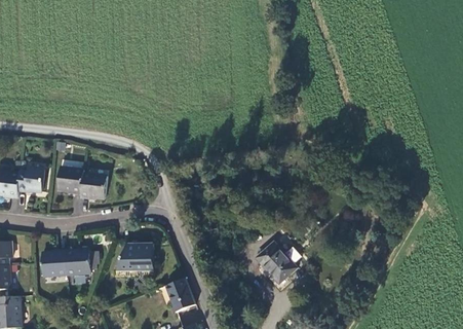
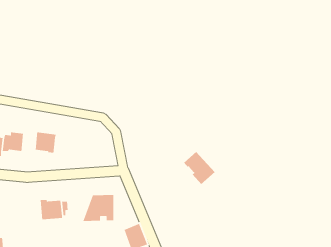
building: [79,174,106,198] -> none
building: [257,242,296,283] -> [183,151,215,185]
building: [40,250,65,276] -> none

